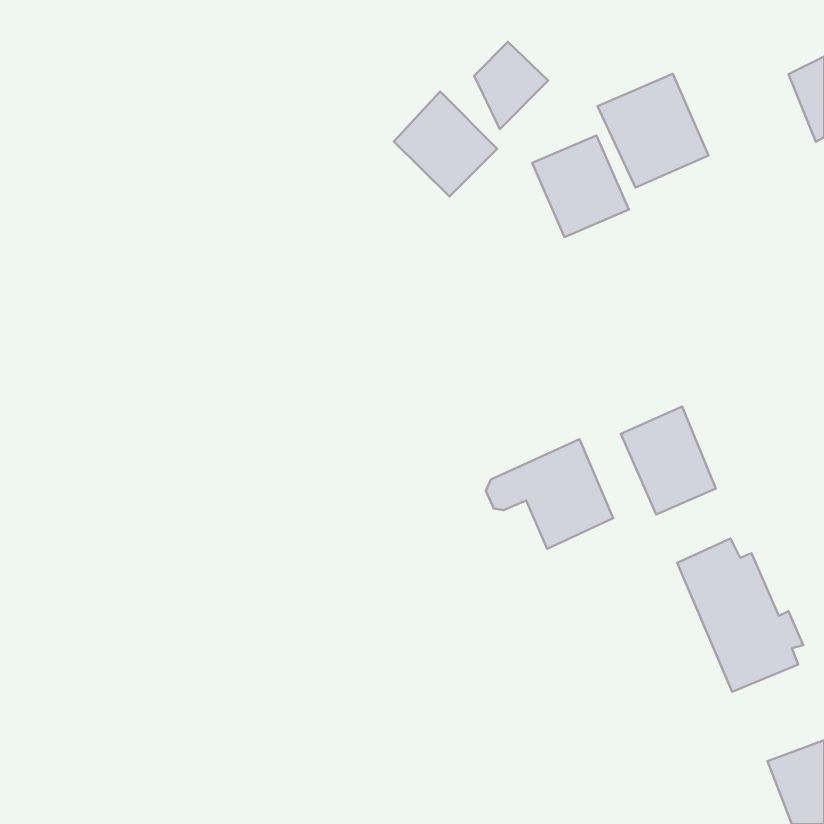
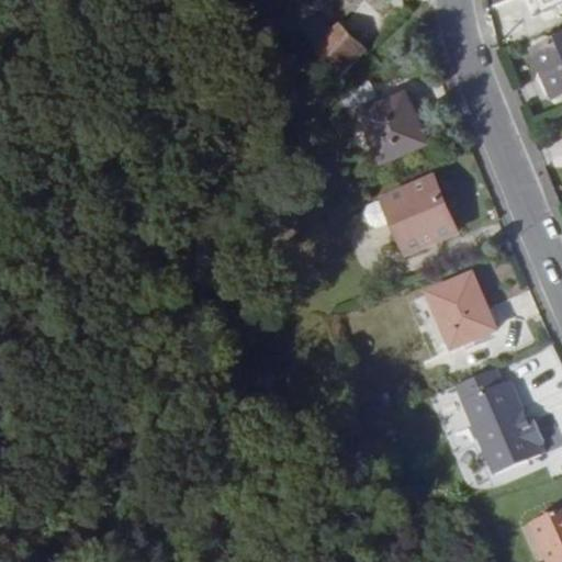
building: [597,74,708,187] -> none
building: [394,92,497,197] -> none
building: [486,439,613,549] -> [363,180,450,255]

